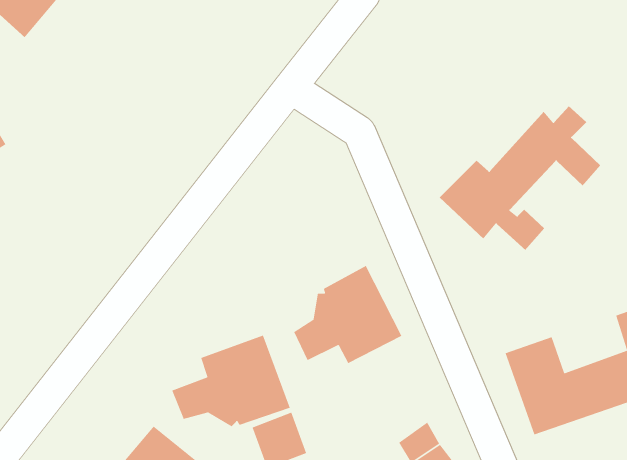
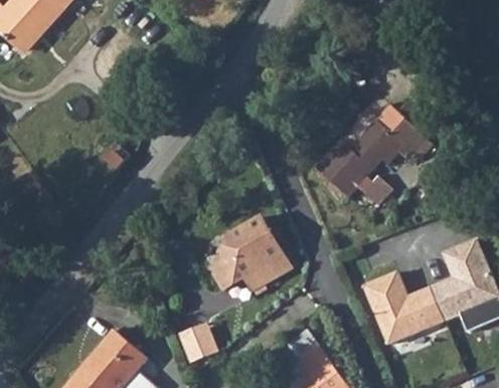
building: [171,334,291,427] -> none

